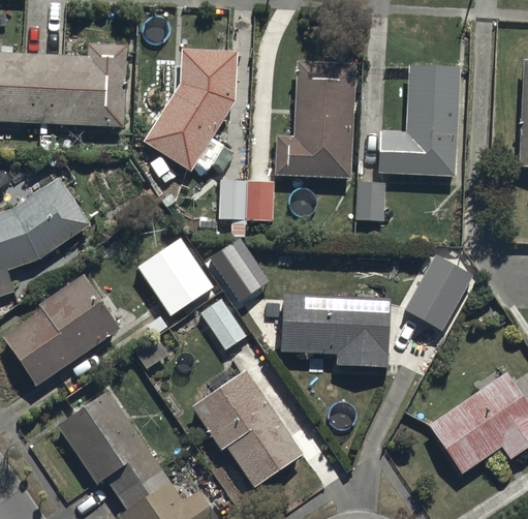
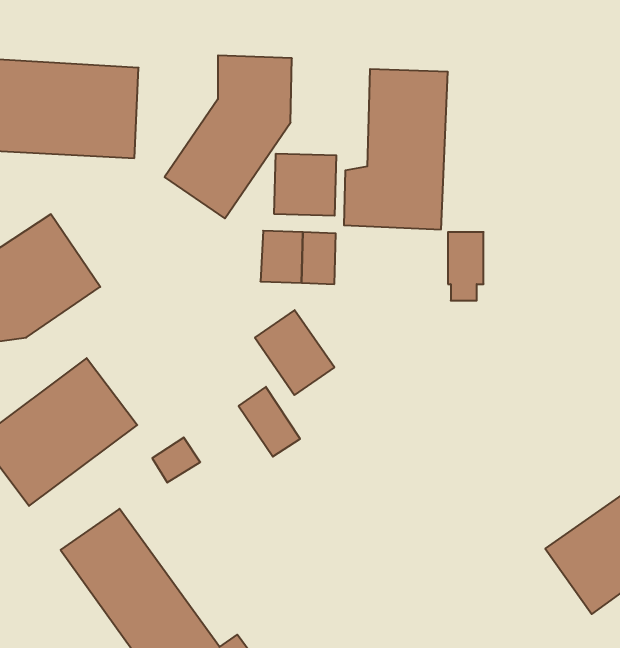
building: [378,67,458,176] -> none
building: none -> [274,154,336,216]
building: [138,241,215,319] -> none
building: [404,255,472,331] -> none
building: [285,295,389,368] -> none
building: [193,373,301,489] -> none

